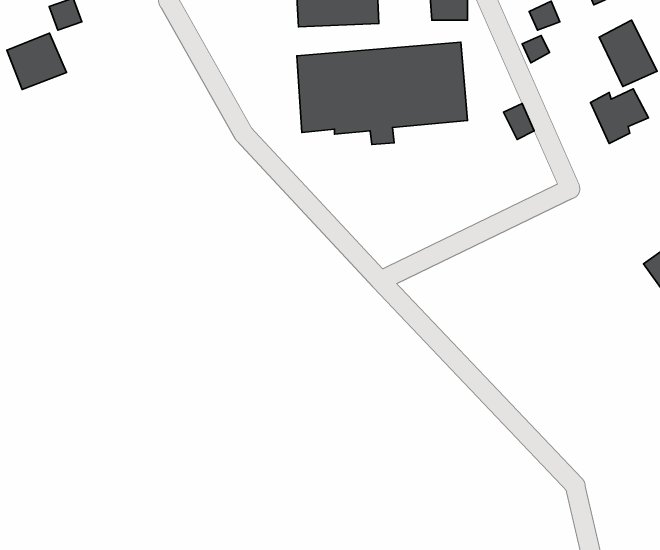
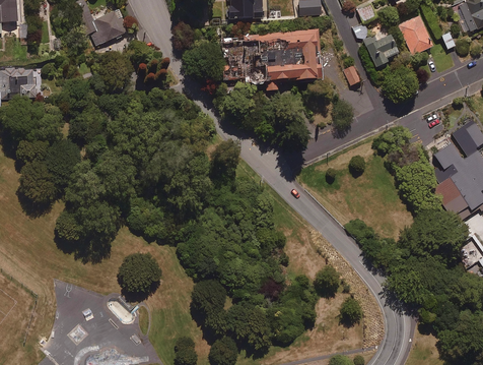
building: [7,33,67,89] -> [93,9,129,43]
building: [591,89,649,144] -> [365,34,400,66]

